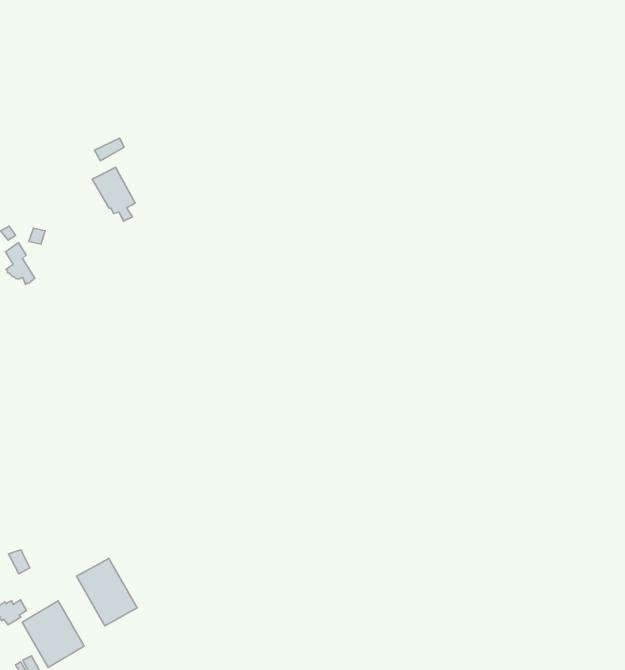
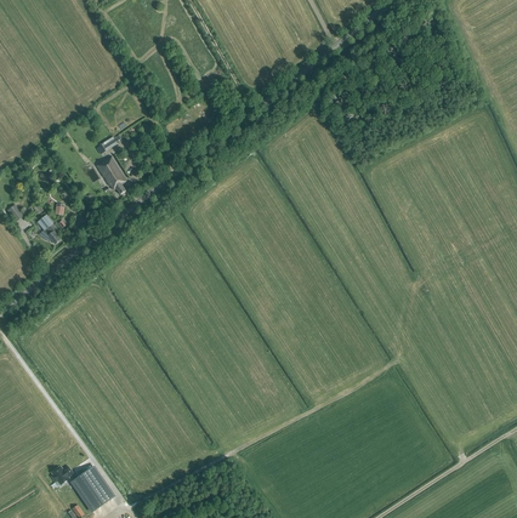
building: [76,558,137,626] -> none

